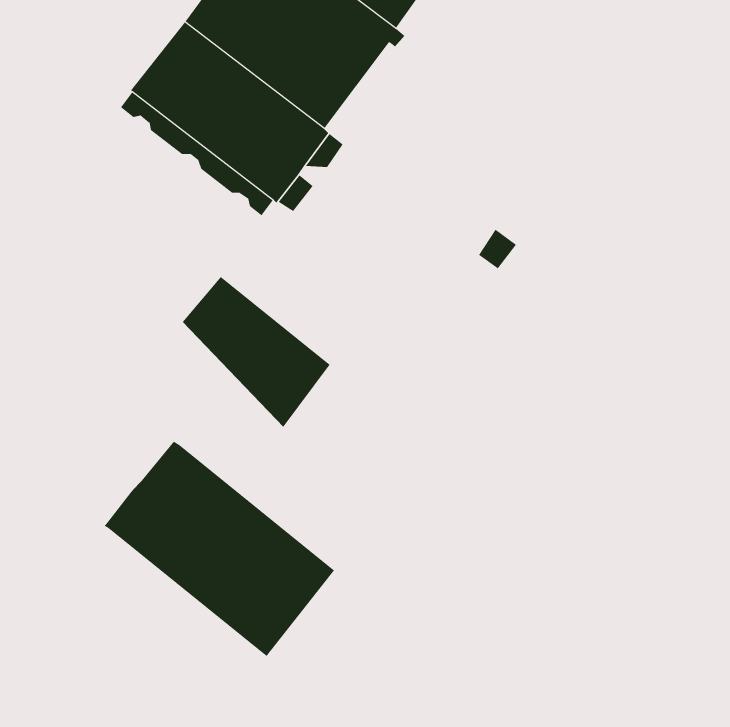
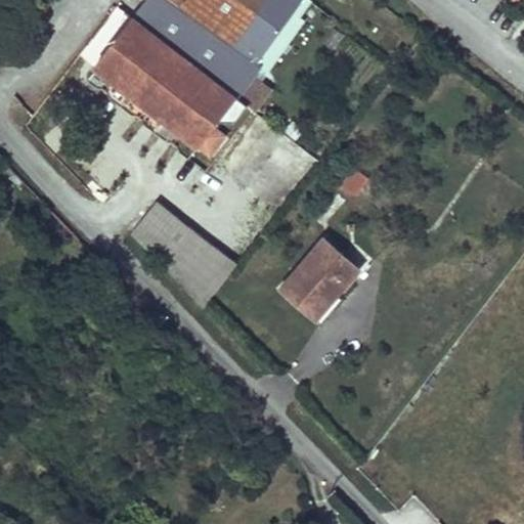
building: none -> [283,237,358,318]
building: [104,441,335,657] -> none

